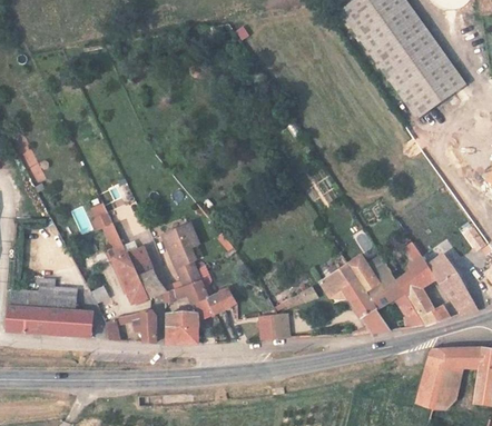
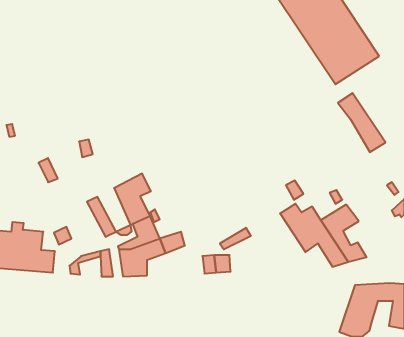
building: [95,218,148,303] -> none
building: [424,247,479,315] -> [338,93,385,152]
building: [318,268,390,333] -> none

